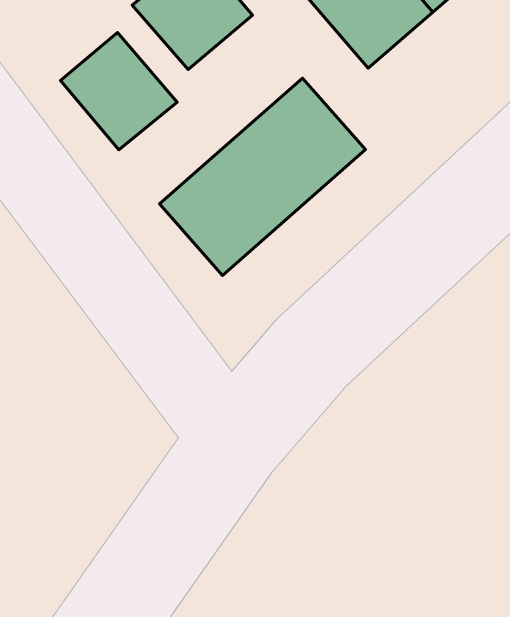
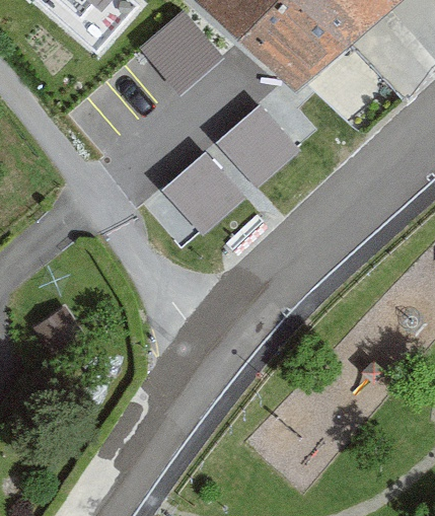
building: [61,33,177,150] -> none

